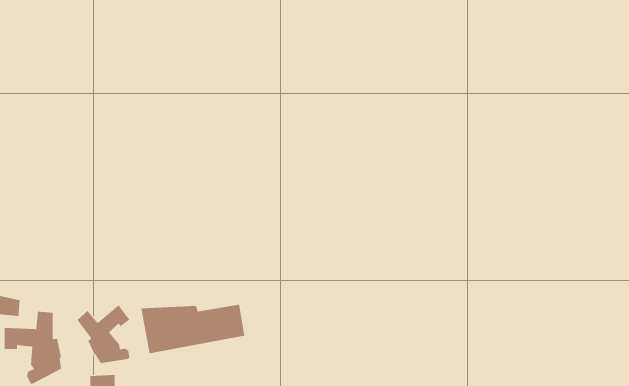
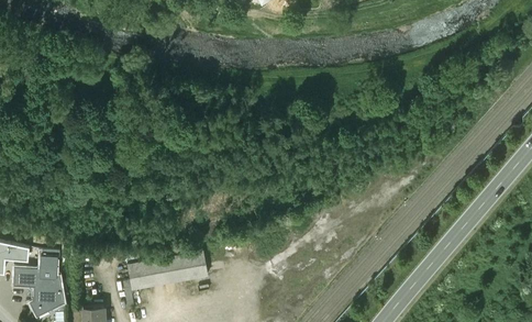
building: [77,304,130,364] -> none

